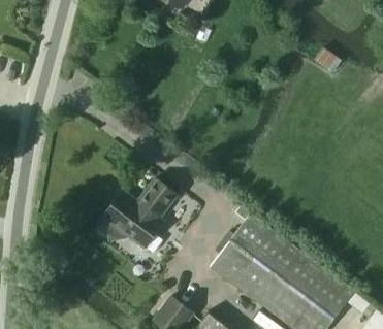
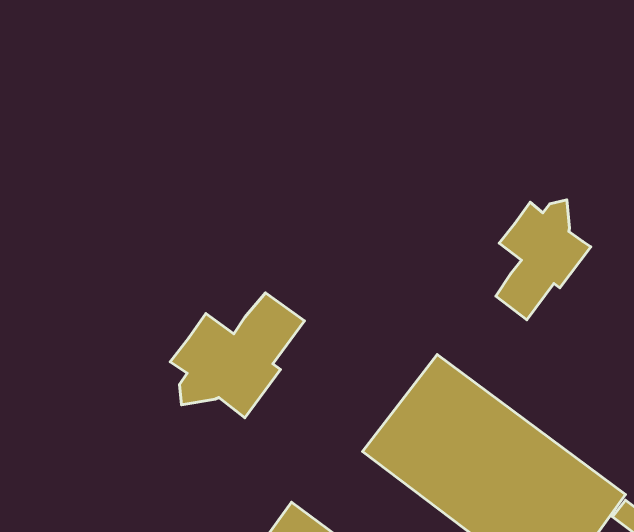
building: none -> [496,200,591,320]

